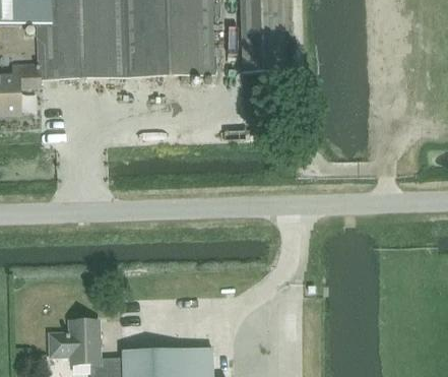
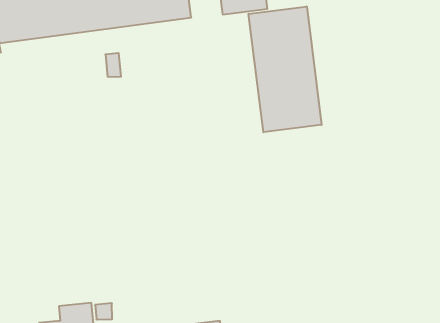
building: none -> [249,6,322,132]

